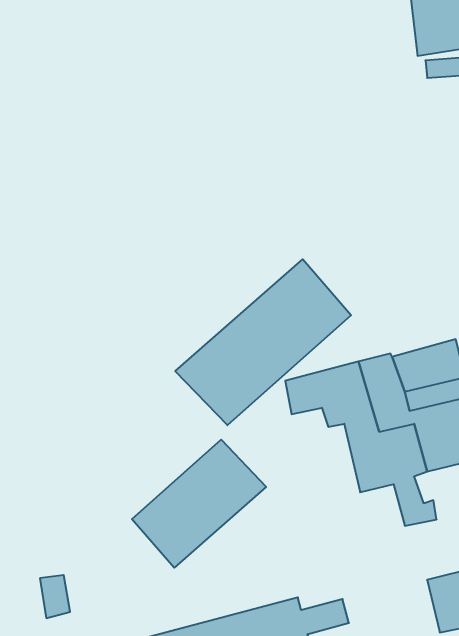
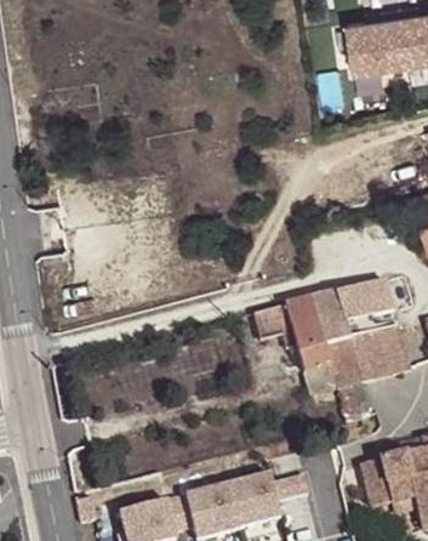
building: [175,259,351,425] -> none
building: [132,440,266,568] -> none

